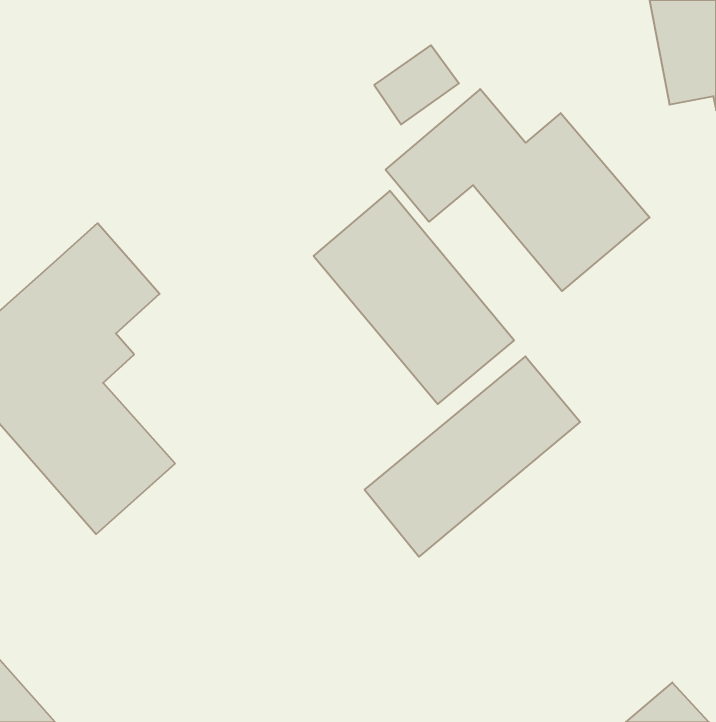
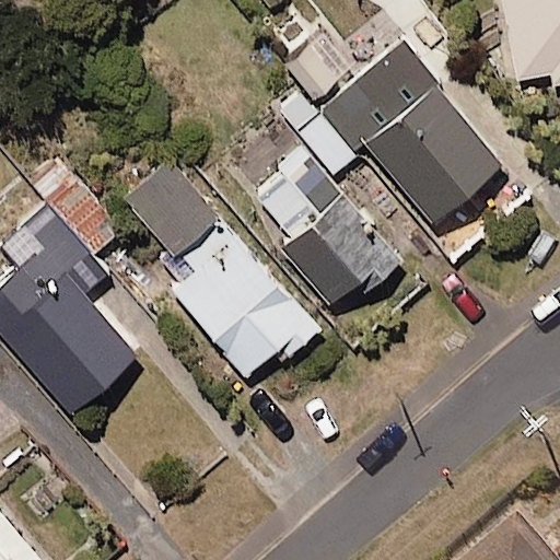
building: none -> [121,160,318,373]
building: [365,356,580,557] -> none

